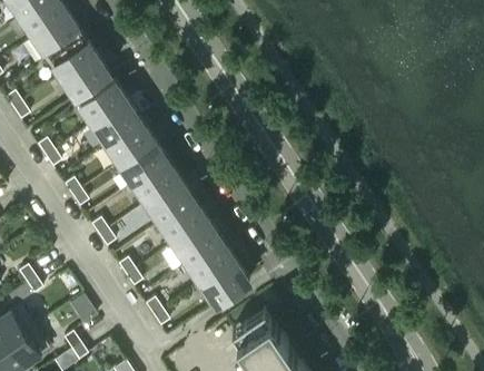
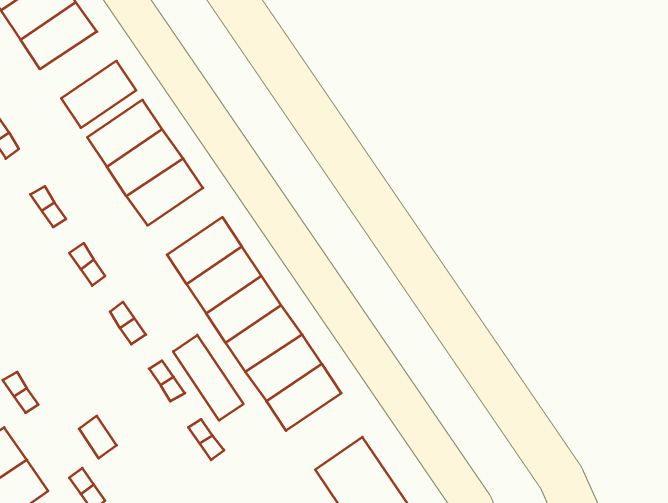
building: [45,35,97,80] -> none
building: [118,141,169,187] -> none
building: none -> [173,335,243,420]

